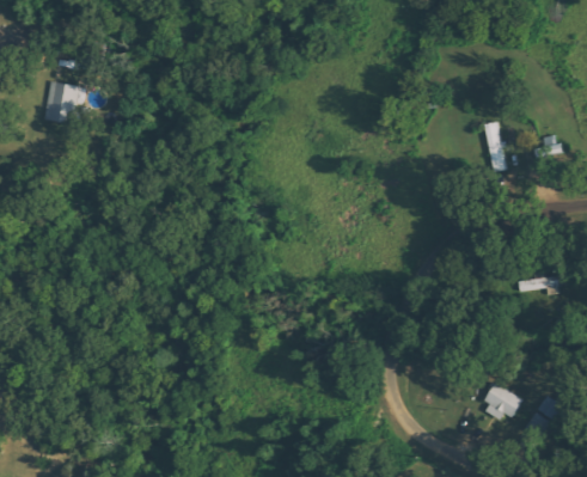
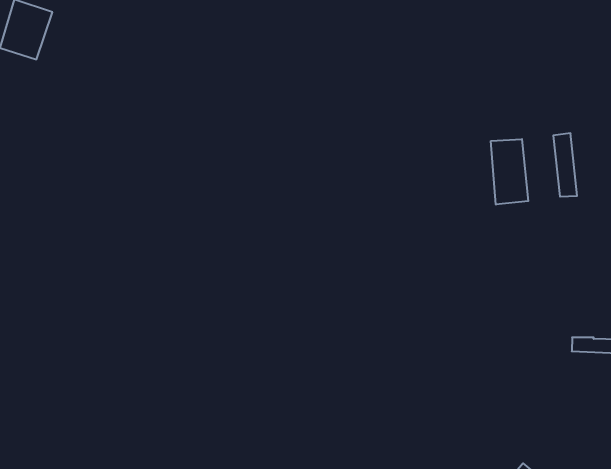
building: none -> [491,139,528,205]

